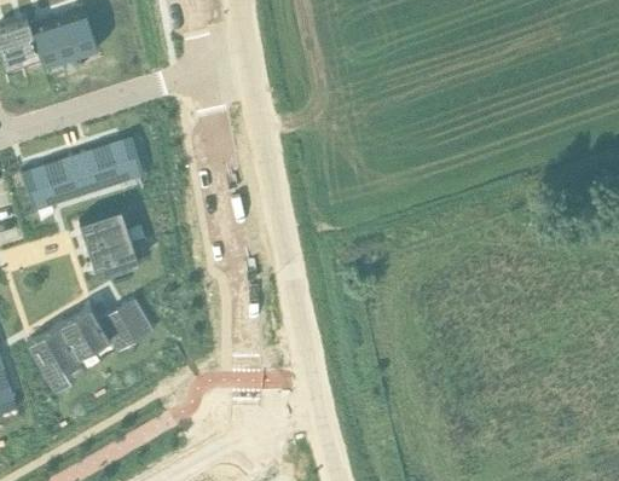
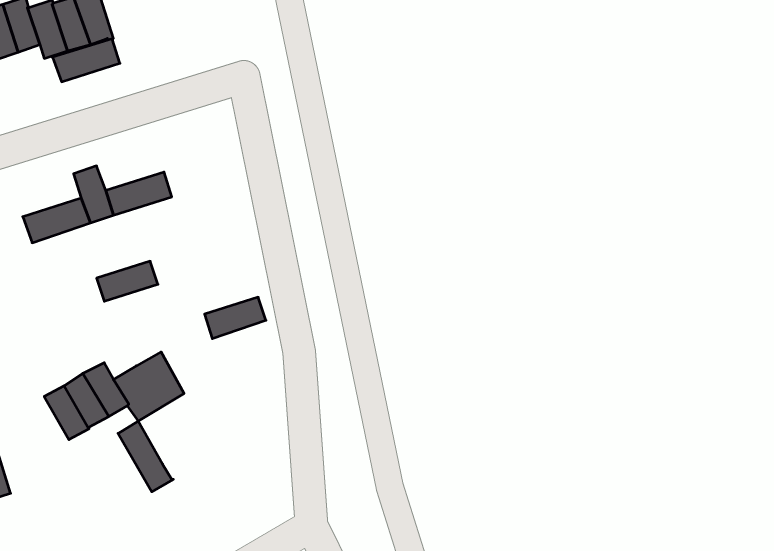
building: [83,139,137,173] -> [52,39,120,82]
building: [19,160,71,193] -> none
building: [77,209,126,242] -> none
building: [89,247,138,279] -> [205,297,266,339]
building: [27,335,70,390] -> [118,421,173,492]

